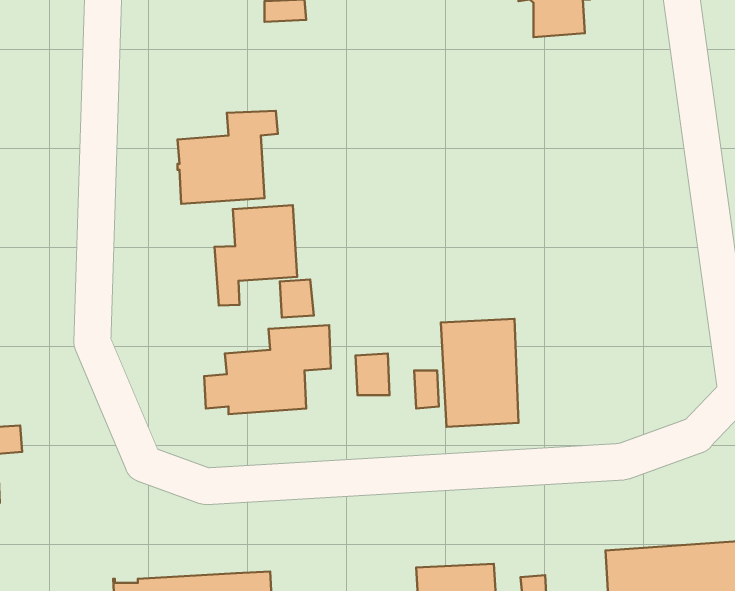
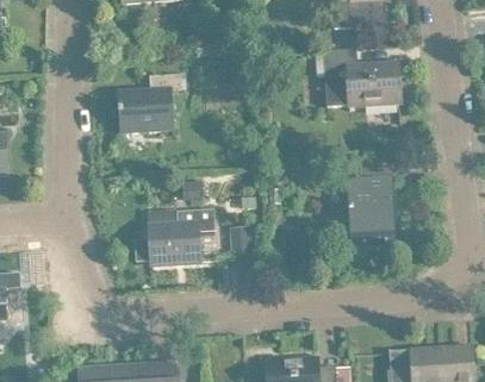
building: none -> [323,48,397,106]
building: [214,205,297,305] -> none
building: [441,319,518,427] -> [346,175,394,243]

